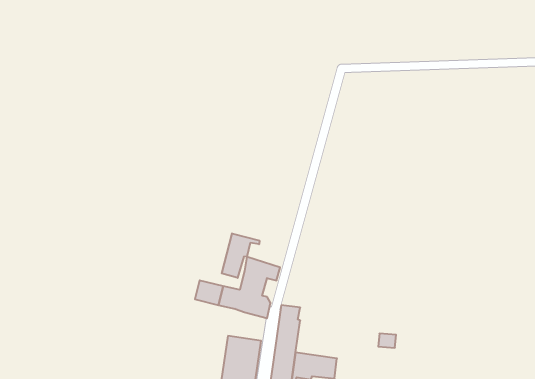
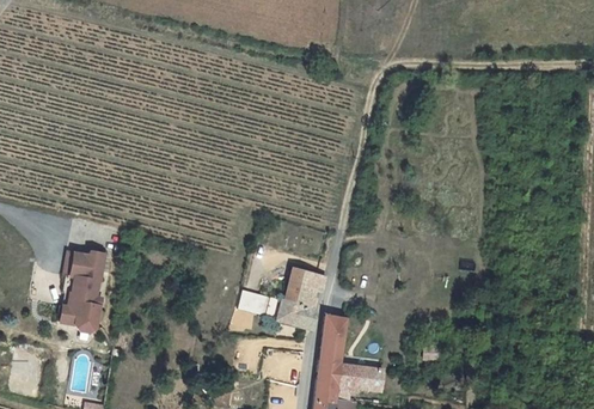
building: [222,233,259,278] -> none
building: none -> [57,250,104,330]

